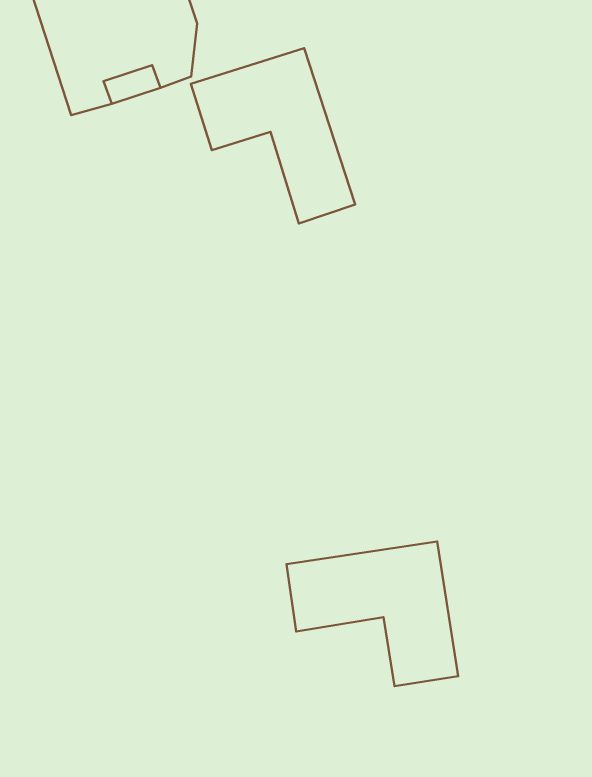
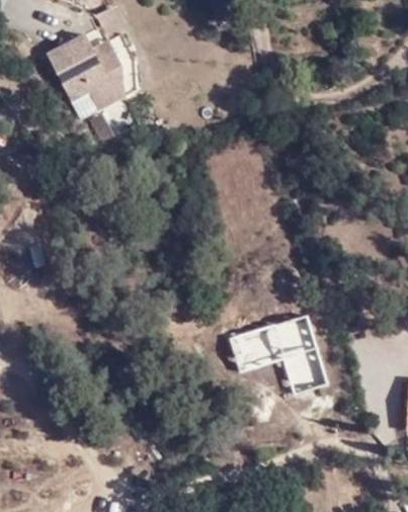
building: [191,48,355,223] -> none

